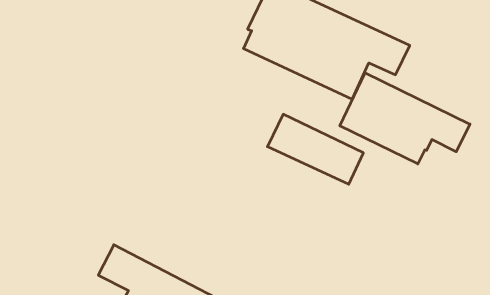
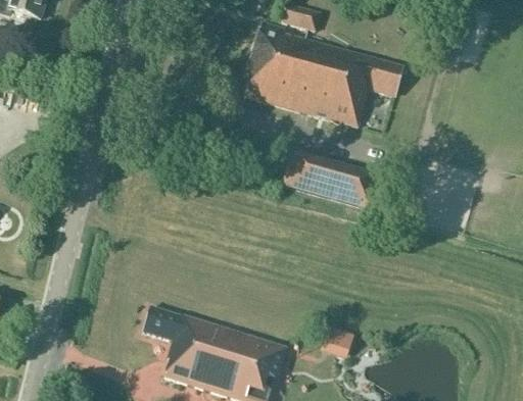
building: [340,73,470,164] -> none

